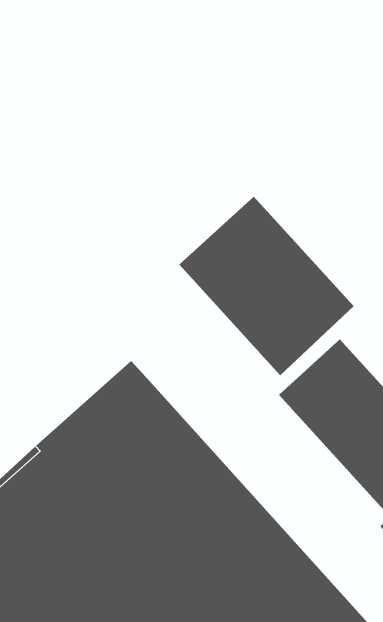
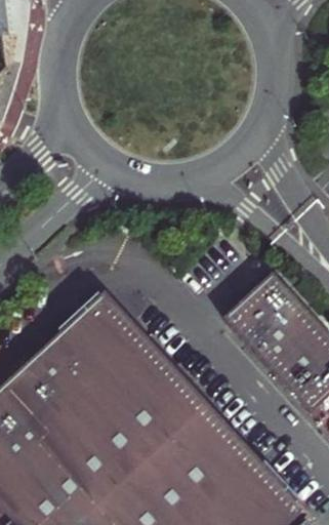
building: [178,196,355,376] -> none

